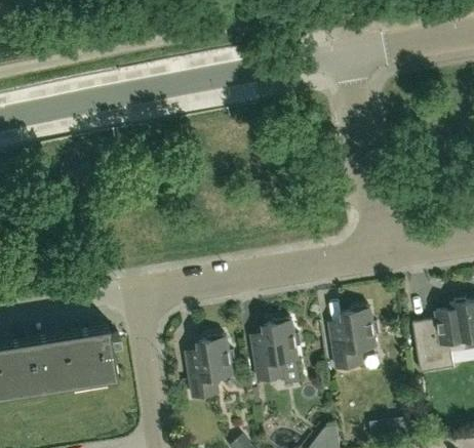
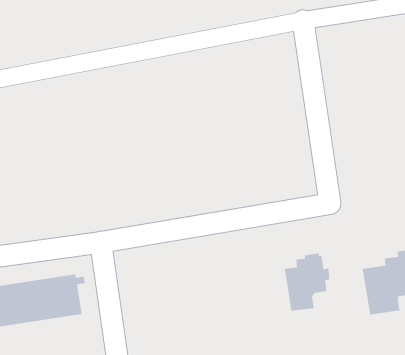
building: [251,321,301,383] -> none
building: [186,337,235,400] -> none

